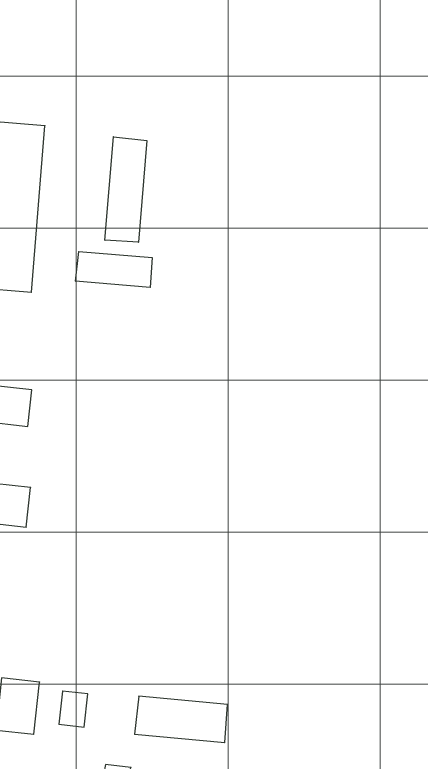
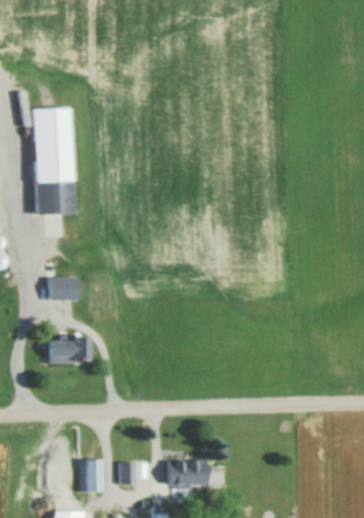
building: [105,137,147,242] -> none
building: [76,252,152,287] -> none

